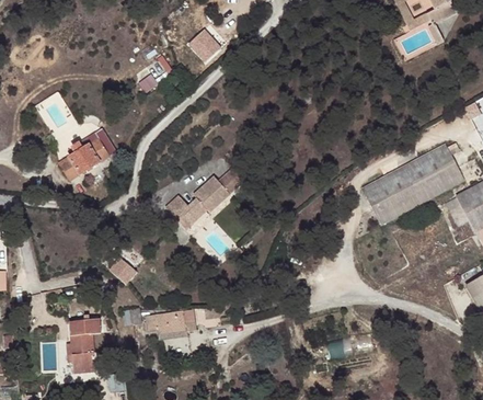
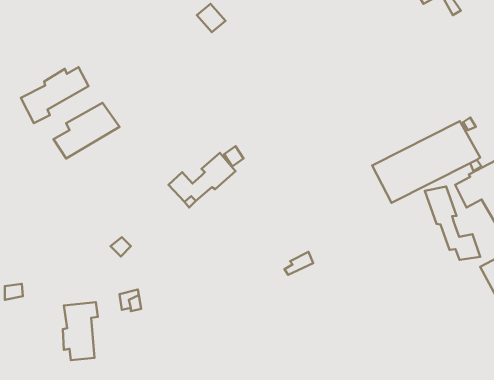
building: none -> [21,67,88,123]
building: none -> [425,186,480,260]
building: [145,310,193,334] -> none

